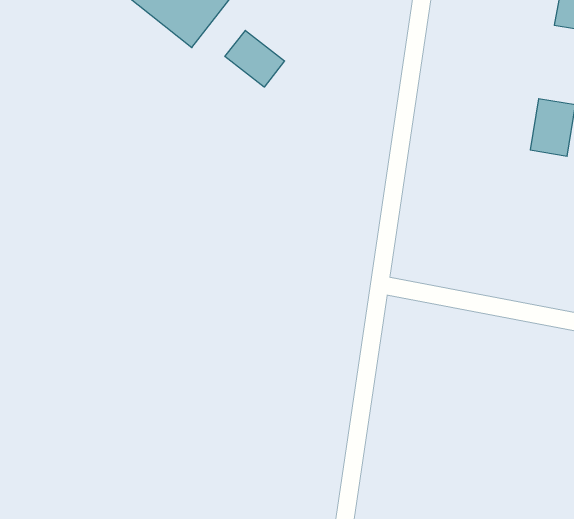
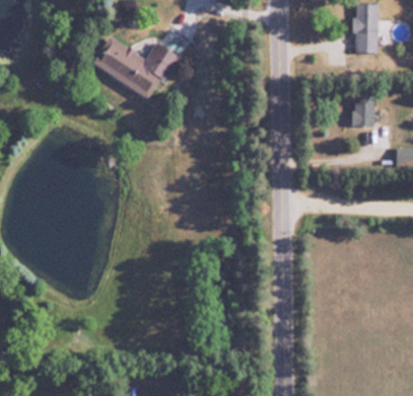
building: [225,30,285,87] -> none

